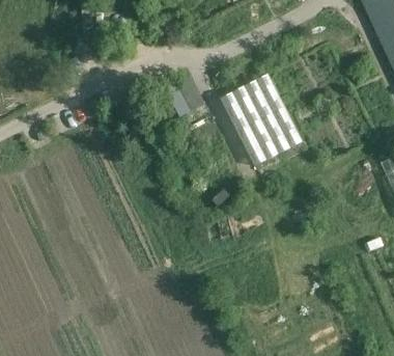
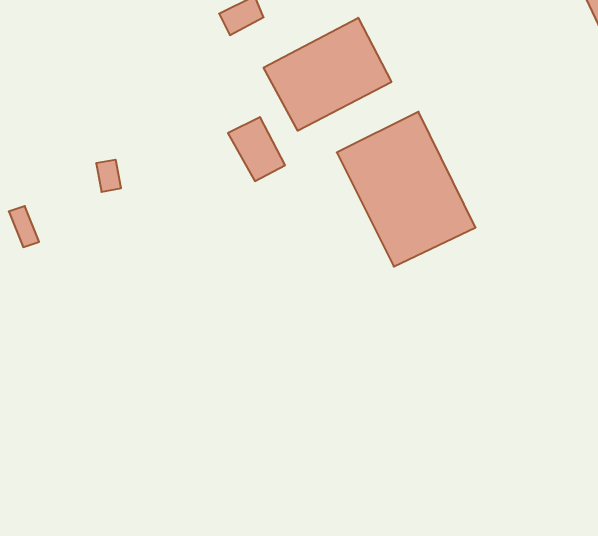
building: none -> [264,18,391,131]

